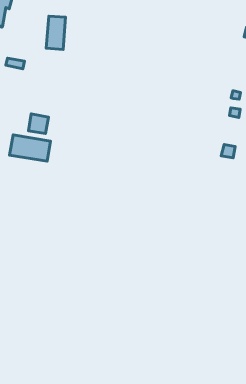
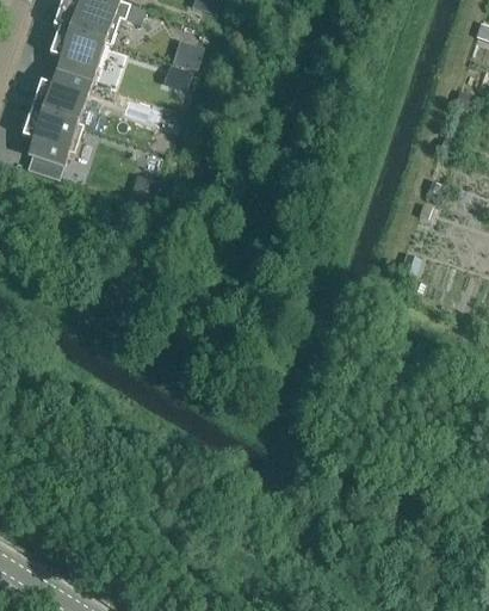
building: [10,135,51,161] -> none

